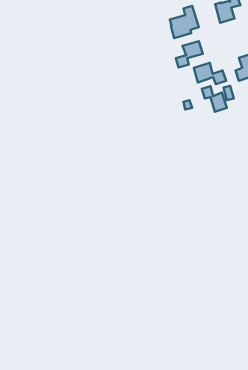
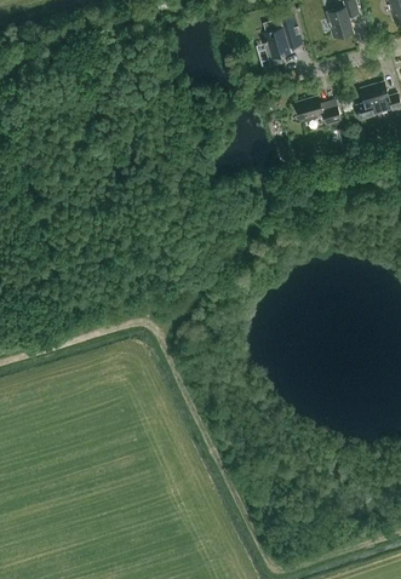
building: [176,41,203,67] -> none
building: [202,86,227,112] -> none

